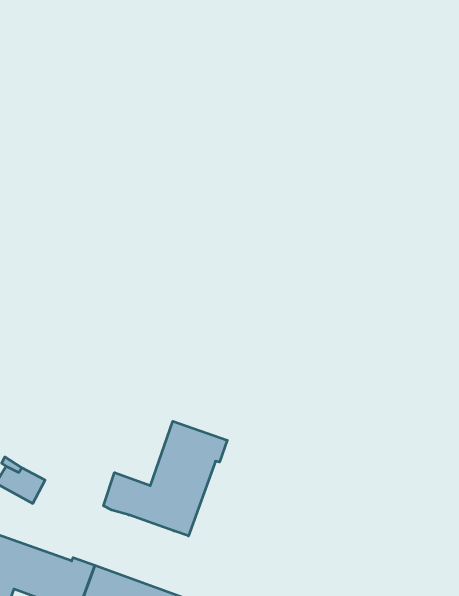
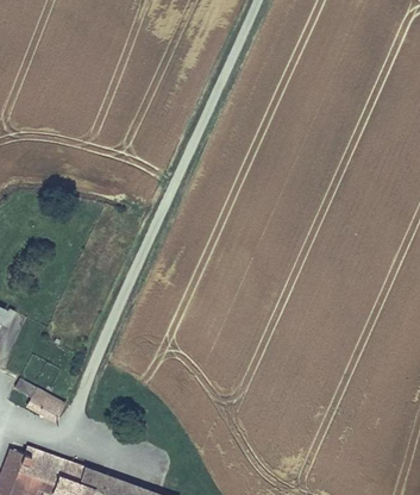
building: [104,421,227,536] -> none

